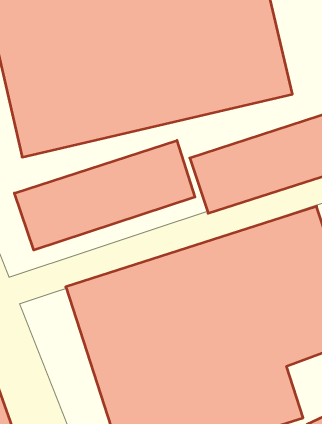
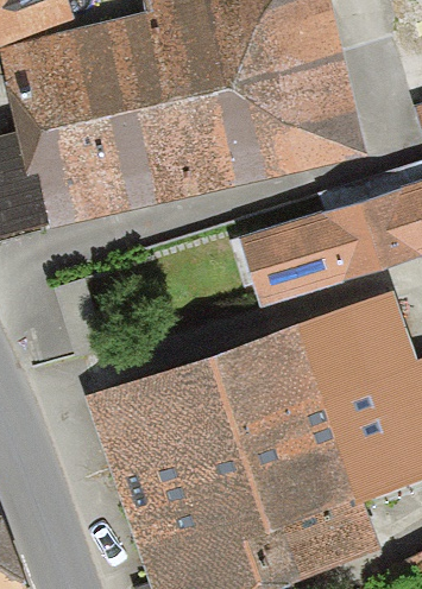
building: [14,140,195,250] -> none

